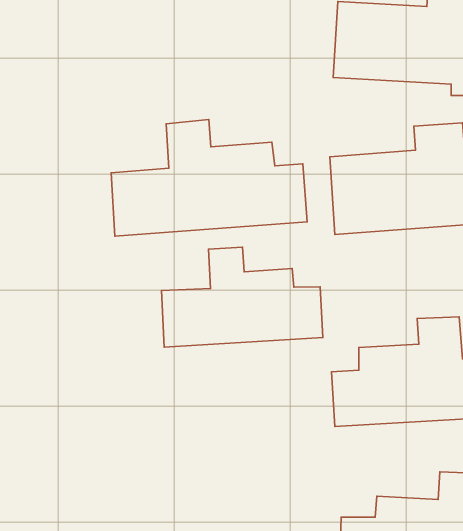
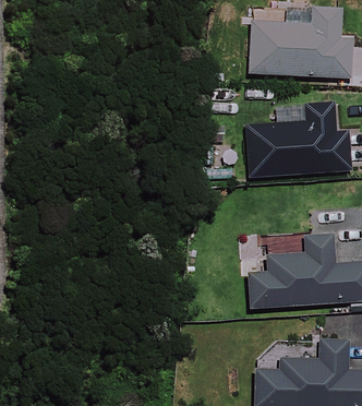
building: [111,120,307,236] -> none
building: [162,247,323,347] -> none

